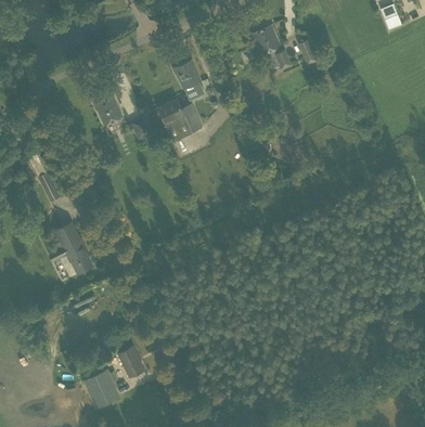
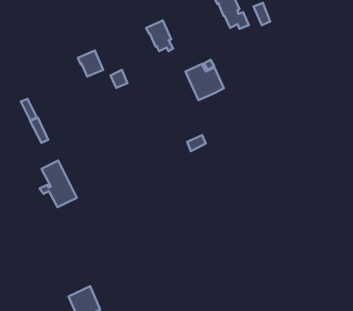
building: [157,99,202,141] -> [185,64,224,100]
building: [118,346,144,376] -> none

